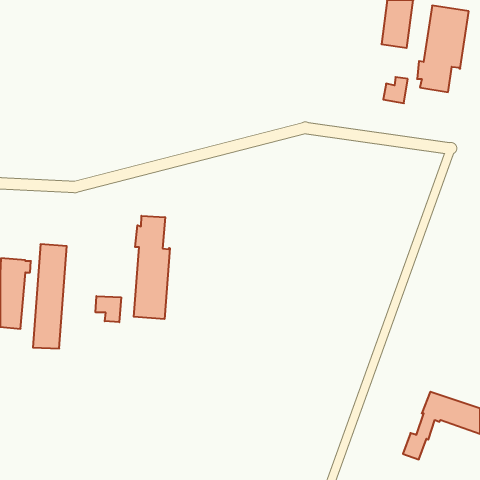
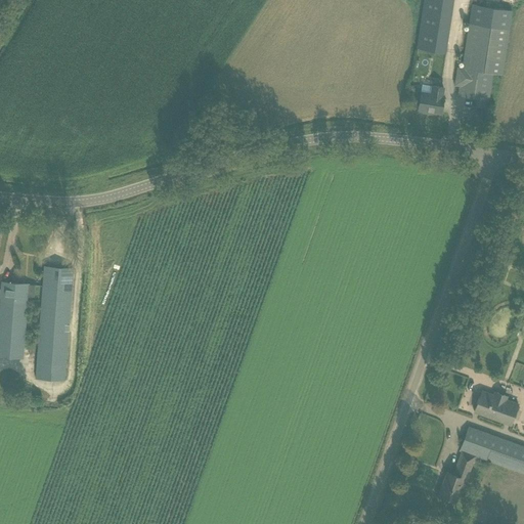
building: [134,216,170,319] -> none
building: [96,296,121,322] -> none
building: none -> [474,391,518,424]

